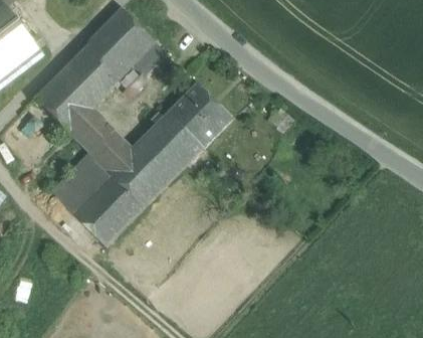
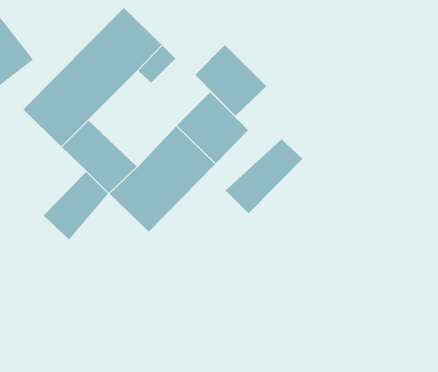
building: none -> [194,44,267,117]
building: none -> [225,139,303,214]
building: [73,173,144,245] -> none

